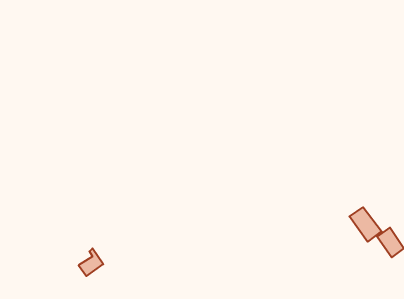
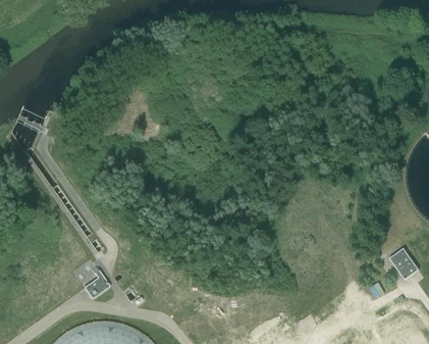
building: [349,207,382,242] -> none

